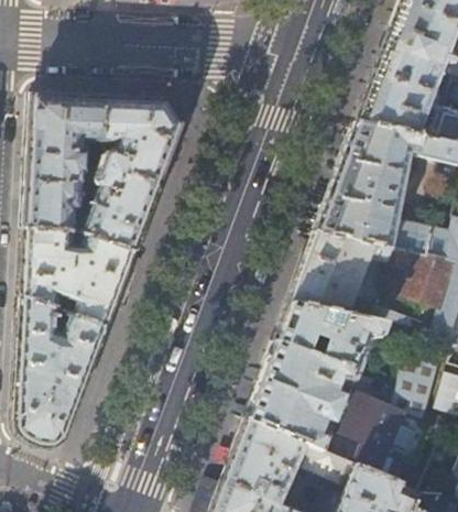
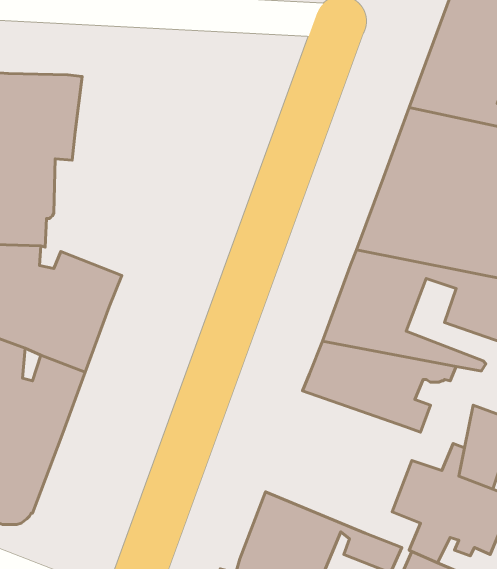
building: [78,98,182,252] -> none
building: [246,341,353,451] -> none

